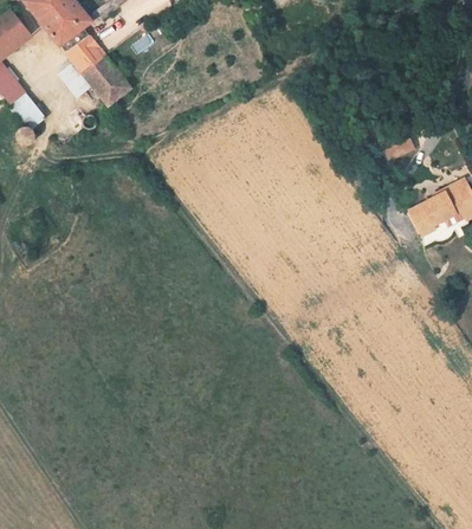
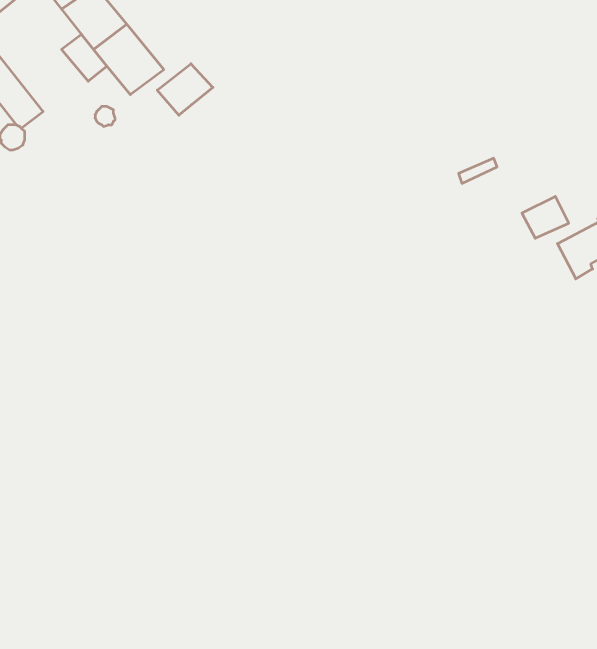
building: none -> [157,64,213,115]
building: [380,129,413,159] -> [522,196,569,238]

